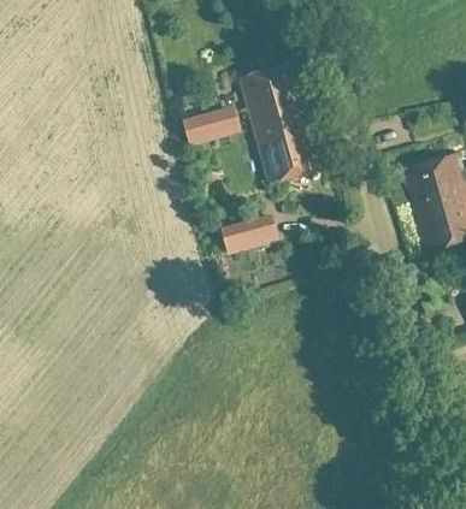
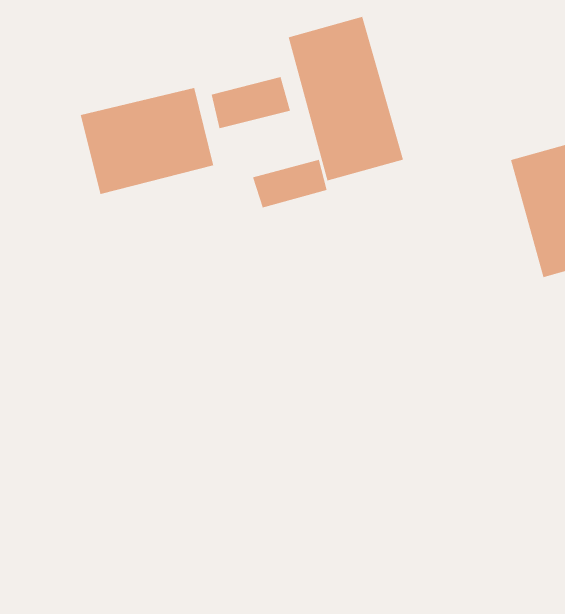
building: none -> [80,87,214,195]
building: [222,217,277,253] -> [252,159,328,208]

